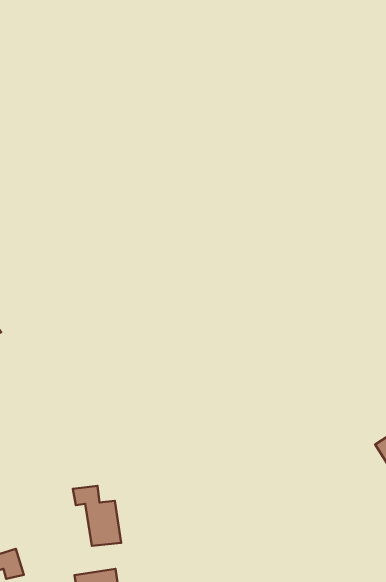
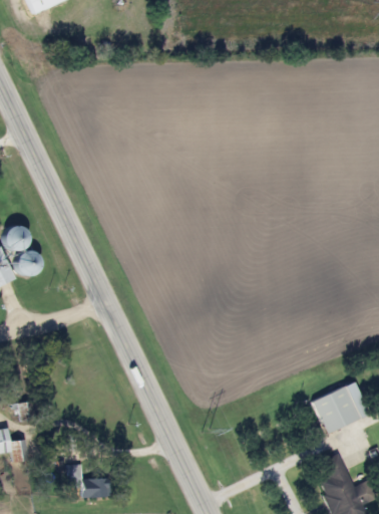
building: [73,486,121,546] -> none

